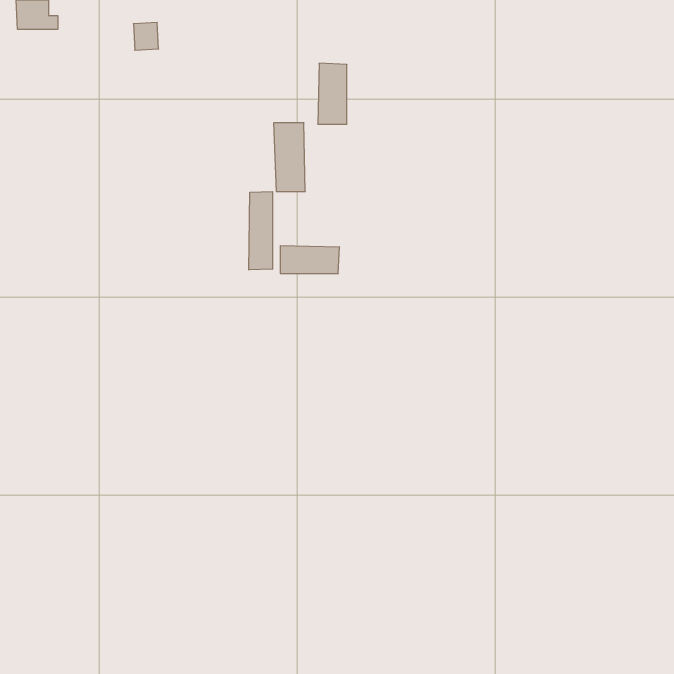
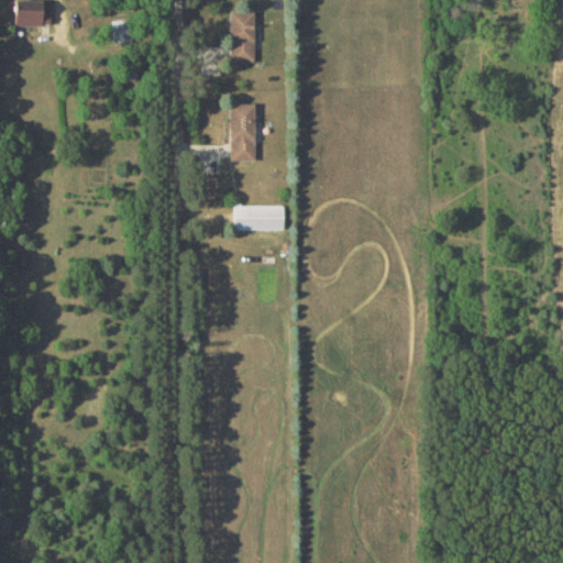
building: [318,63,347,124] -> [230,11,254,62]
building: [249,192,272,270] -> none

